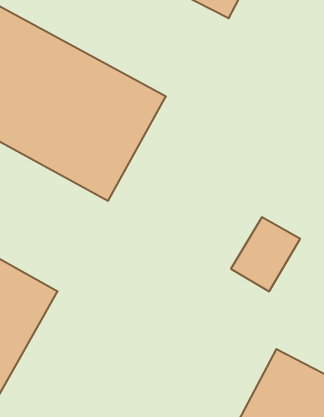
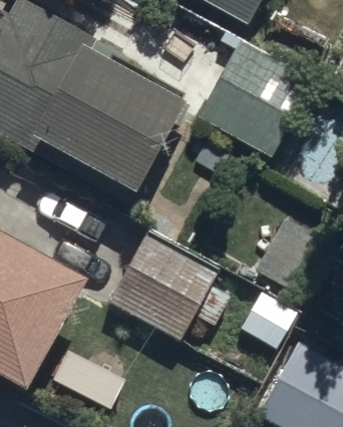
building: none -> [198,40,313,156]
building: none -> [107,234,219,344]

